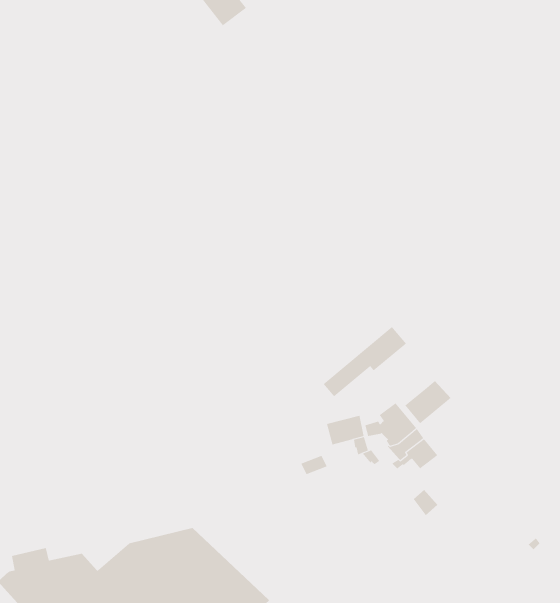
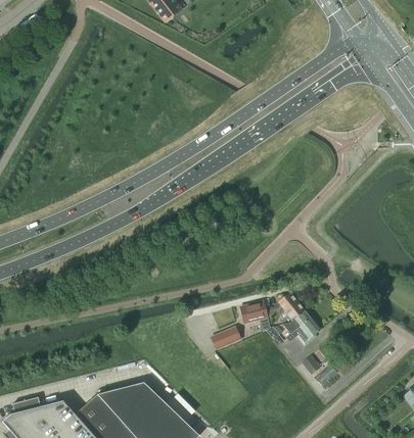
building: [323,326,407,397] -> none
building: [405,380,451,424] -> none

